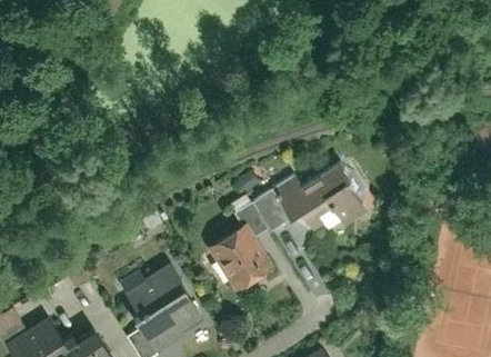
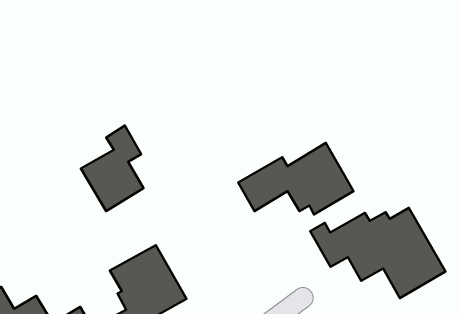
building: [208,202,271,289] -> [81,126,143,211]
building: none -> [310,208,445,298]

